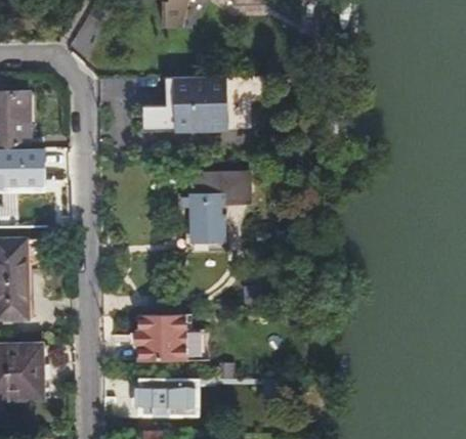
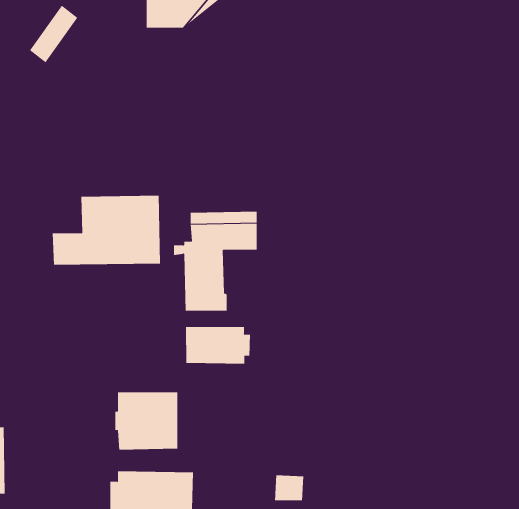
building: [141,76,227,131] -> [52,195,161,265]
building: none -> [186,326,250,364]

